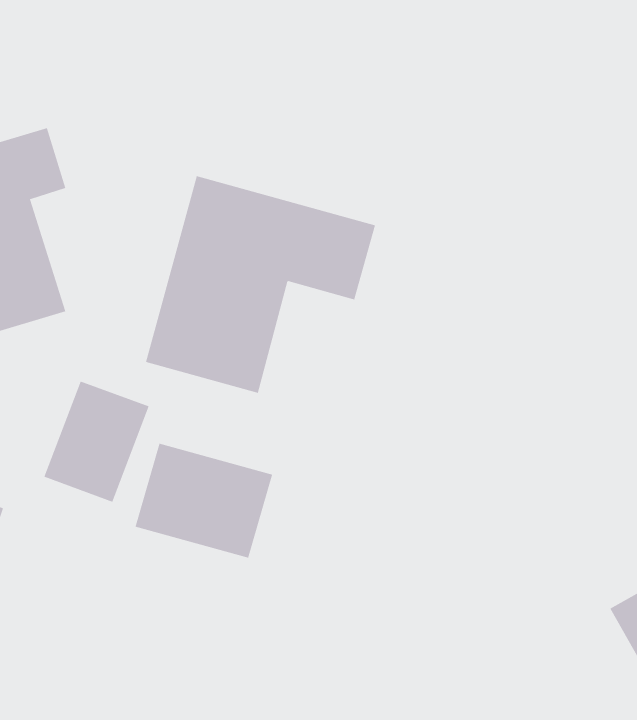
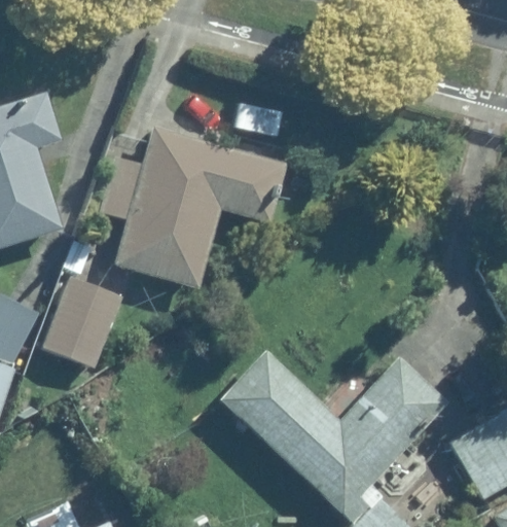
building: [135,443,273,559] -> none
building: none -> [222,353,445,512]

